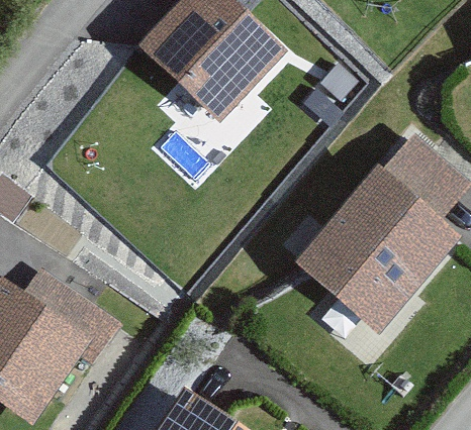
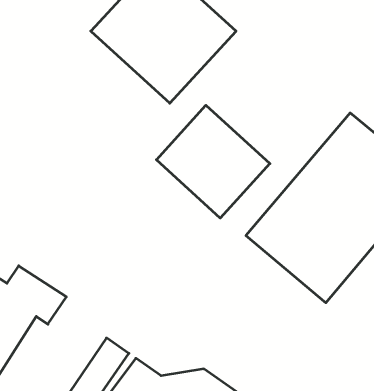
building: none -> [156,105,270,218]

